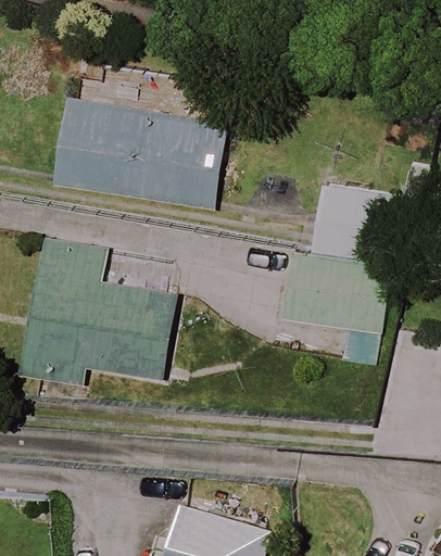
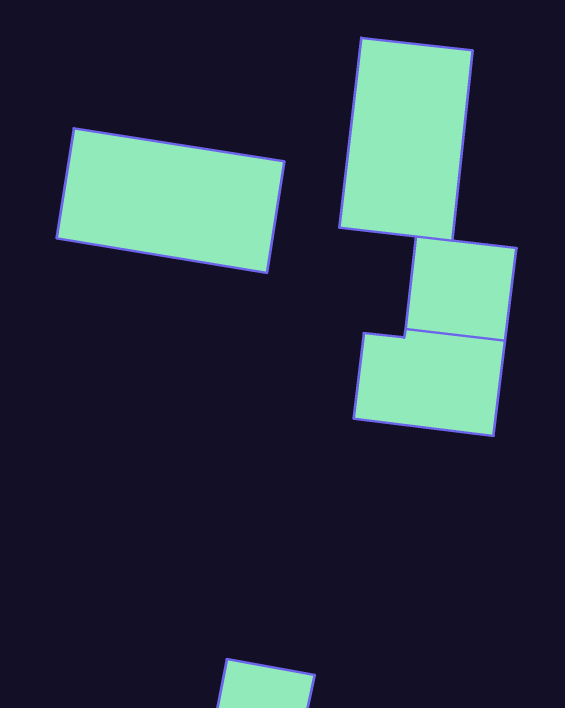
building: none -> [340,38,472,241]
building: [22,241,177,384] -> none

